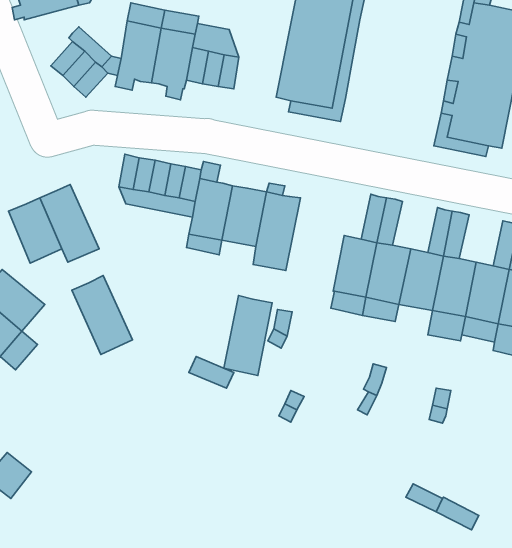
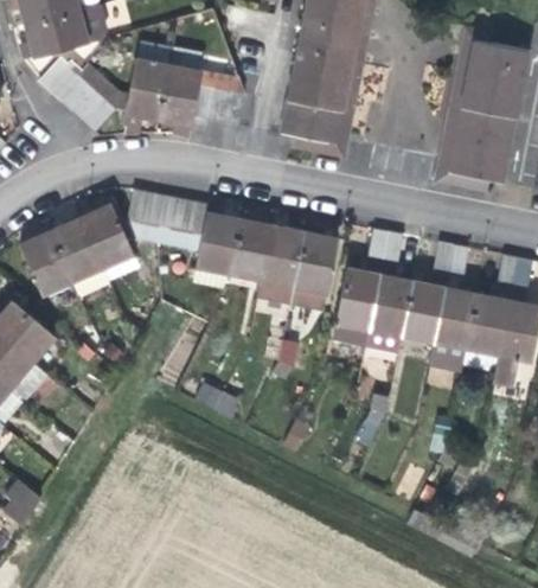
building: none -> [38,55,82,101]
building: [72,276,132,354] -> [79,203,139,280]
building: [224,295,272,375] -> [290,230,338,308]

